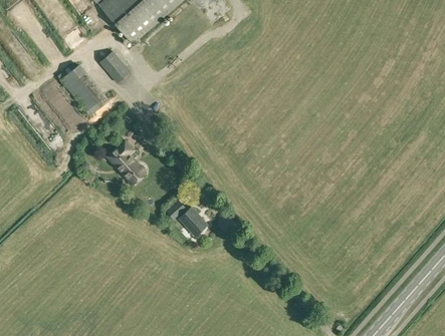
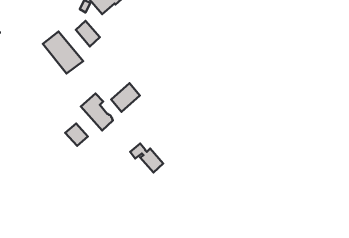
building: none -> [111,83,140,112]
building: none -> [65,124,88,146]

